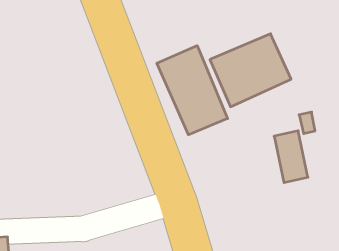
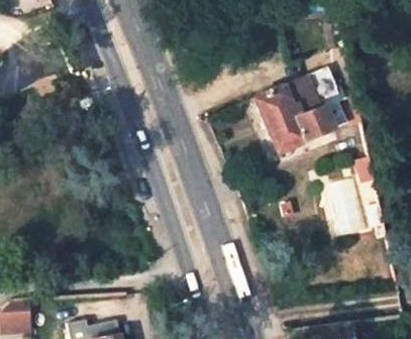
building: [157,46,228,135] -> none

